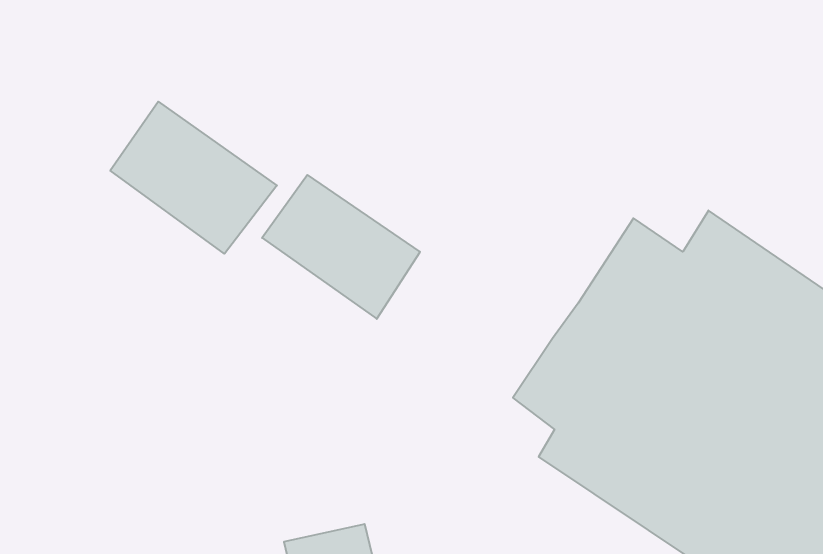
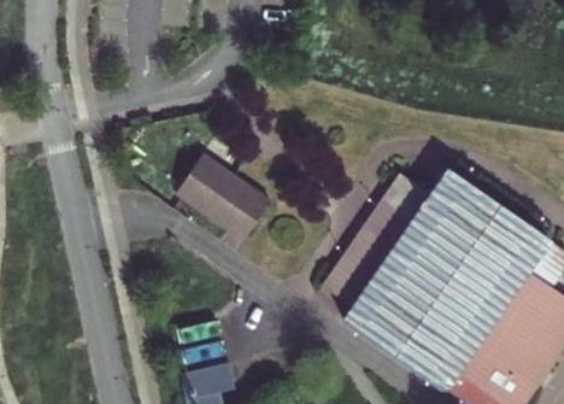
building: [110,102,277,254] -> none

